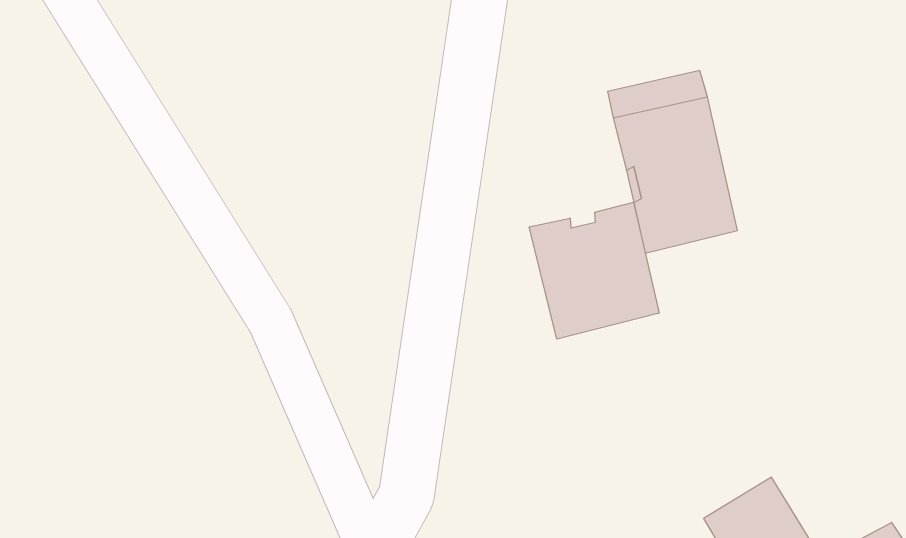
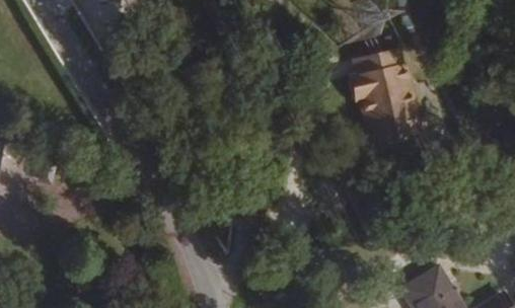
building: [529,202,659,339] -> none

